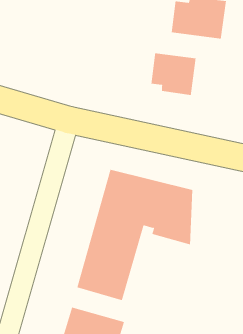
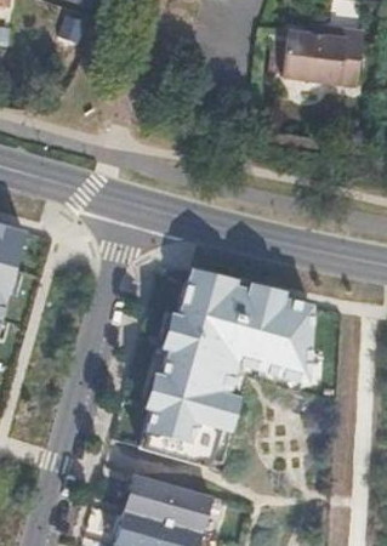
building: [151,52,196,96] -> none

